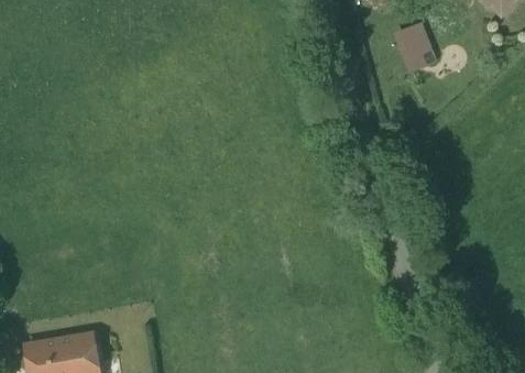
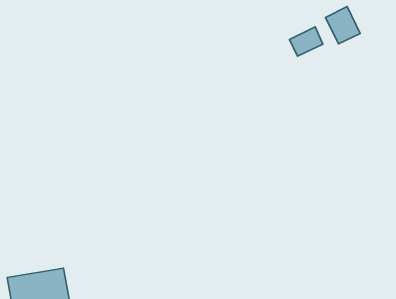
building: none -> [289,27,323,56]

